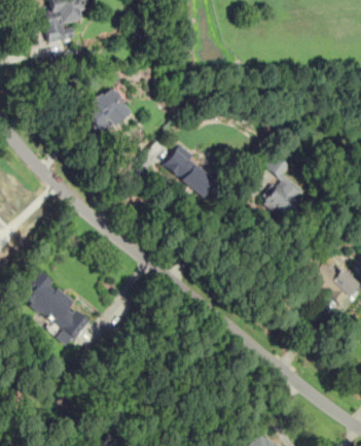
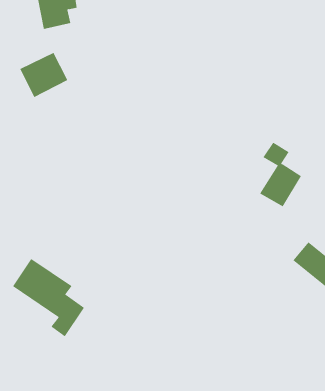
building: [82,89,131,134] -> [19,52,68,98]
building: [163,143,216,197] -> none

